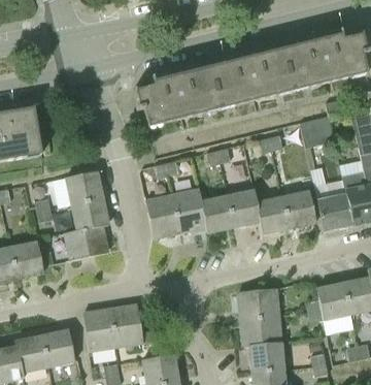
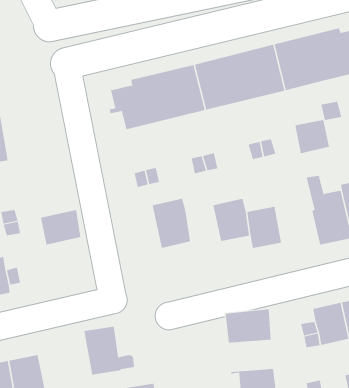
building: [64,169,103,204] -> none
building: [282,188,316,227] -> none
building: [145,193,179,237] -> none
building: [202,193,233,232] -> none
building: [64,222,108,259] -> none
building: [82,307,116,351] -> none
building: [240,315,281,344] -> none

